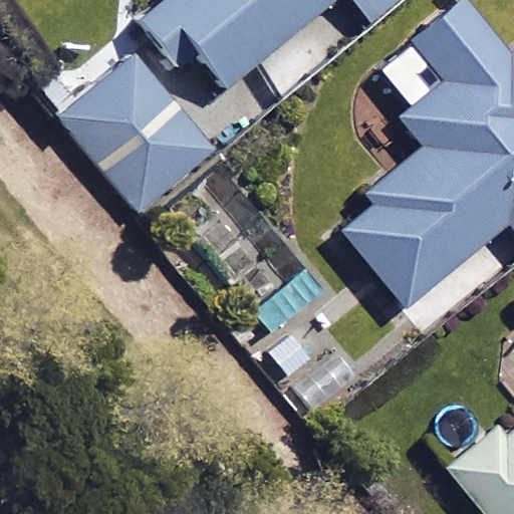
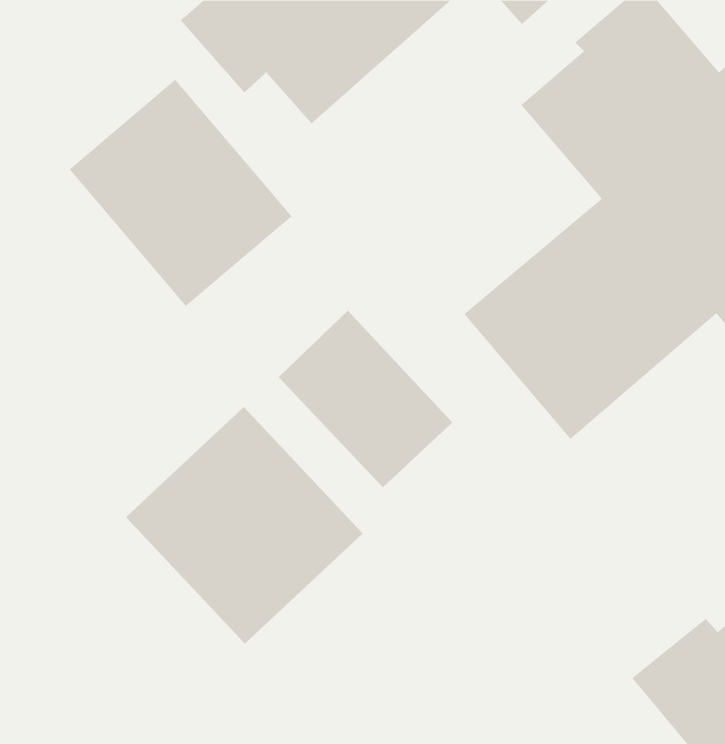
building: none -> [125,406,363,645]

